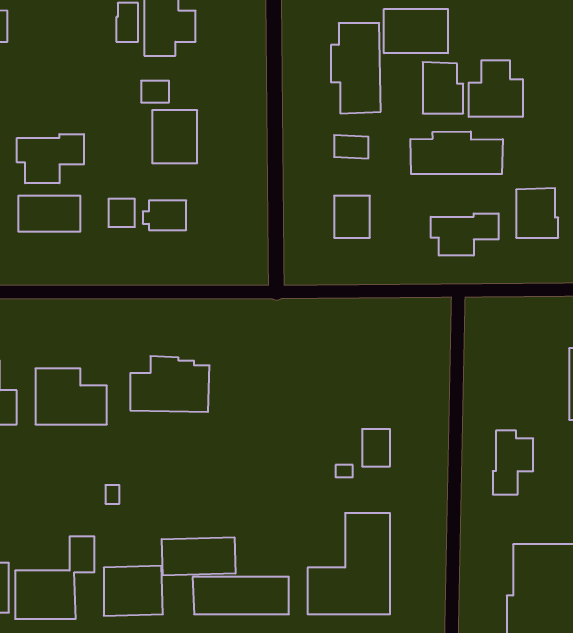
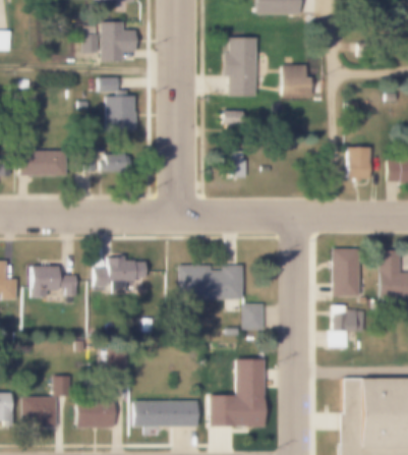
building: [384,9,448,53] -> none
building: [469,60,523,117] -> none
building: [410,131,503,174] -> none
building: [17,134,84,183] -> none
building: [431,213,499,256] -> none
building: none -> [334,249,360,296]
building: none -> [179,263,243,300]
building: [162,537,235,575] -> none

